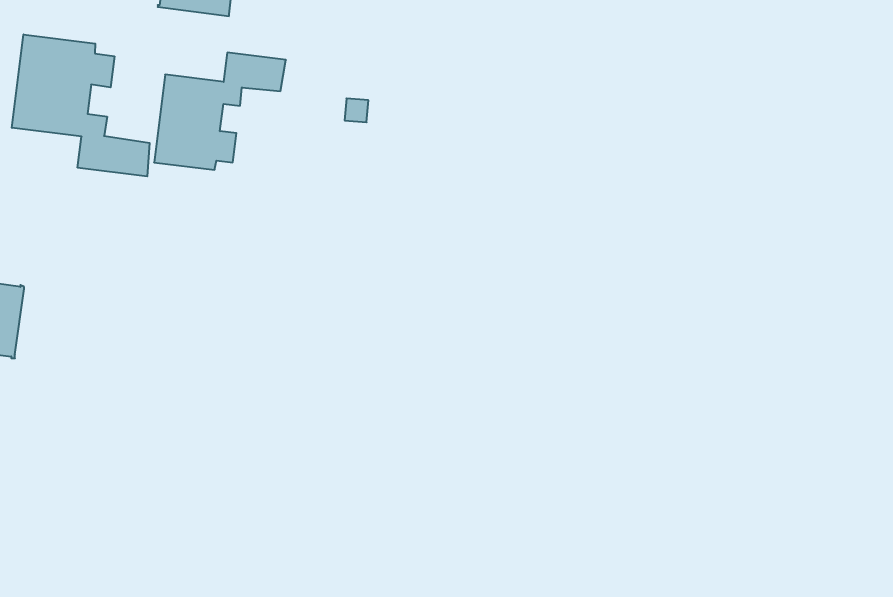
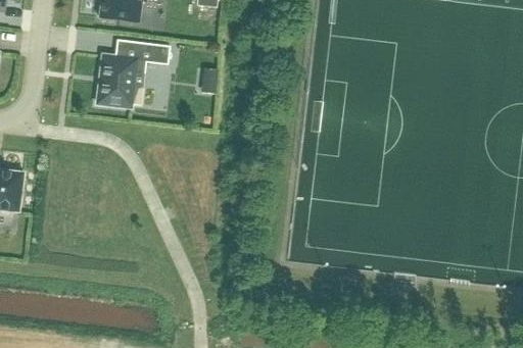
building: [12,34,150,176] -> none

